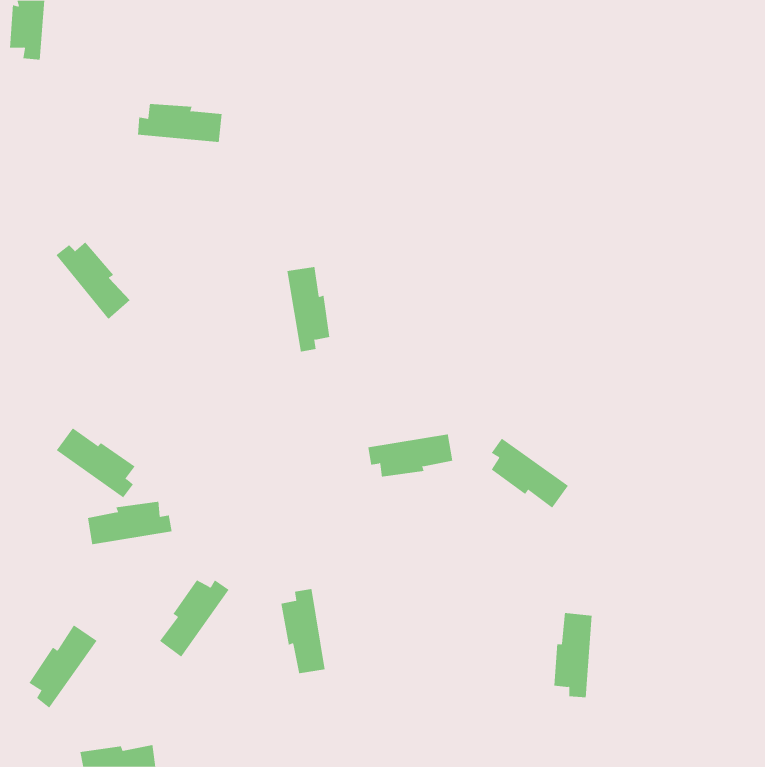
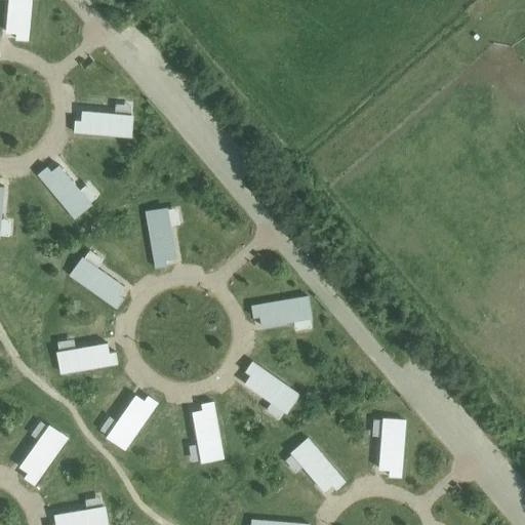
building: [137,103,223,142] -> [74,111,132,137]
building: [287,266,330,352] -> [146,209,175,268]
building: [56,428,135,498] -> [70,258,124,307]
building: [491,438,569,508] -> [245,361,298,409]
building: none -> [294,439,346,492]

